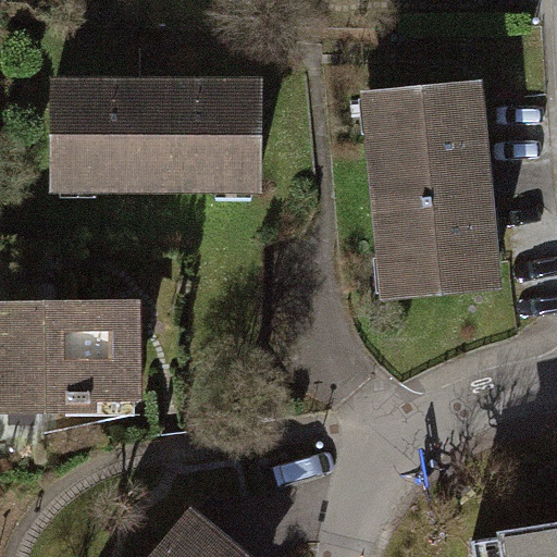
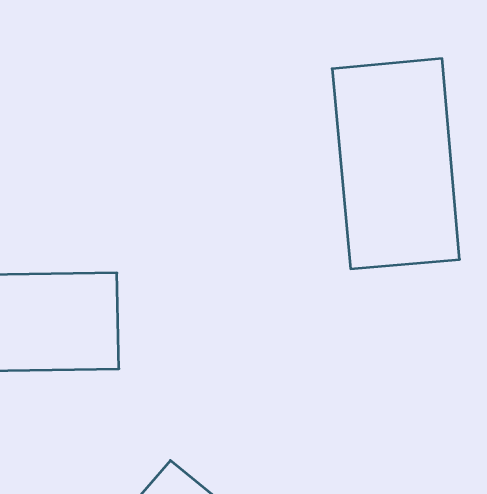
building: [51,81,257,187] -> none

